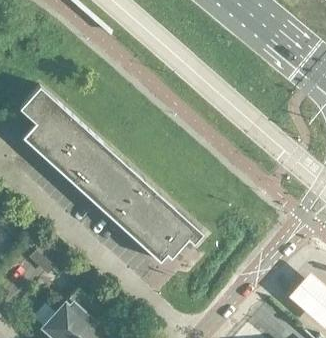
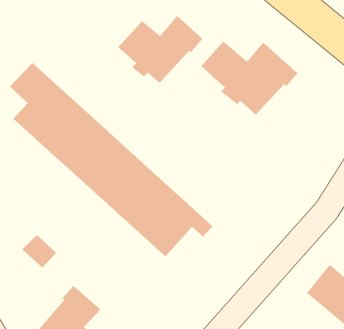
building: none -> [118,15,203,84]
building: none -> [200,41,298,115]

